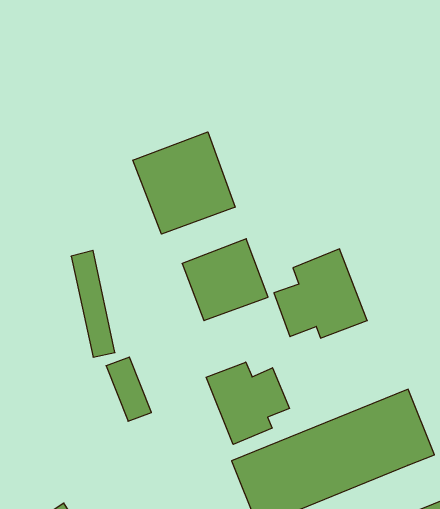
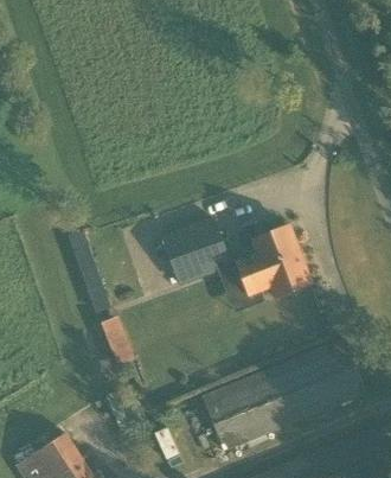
building: [133,132,235,234] -> none
building: [206,362,290,444] -> none

